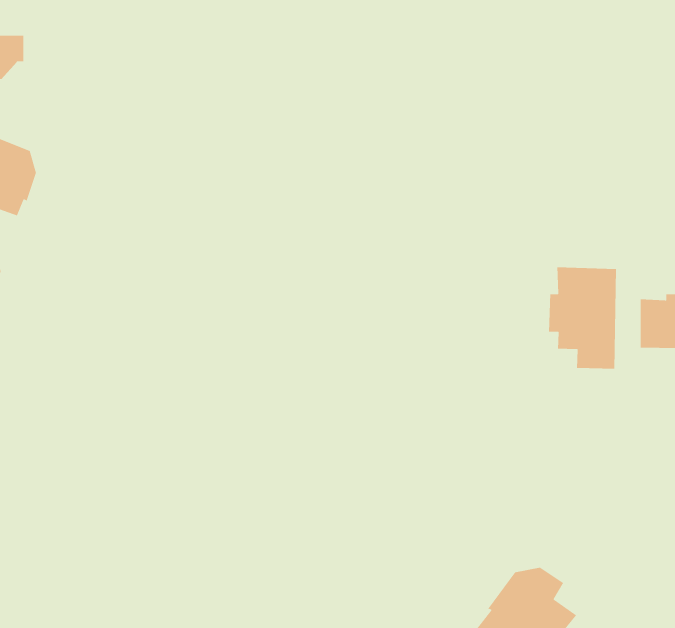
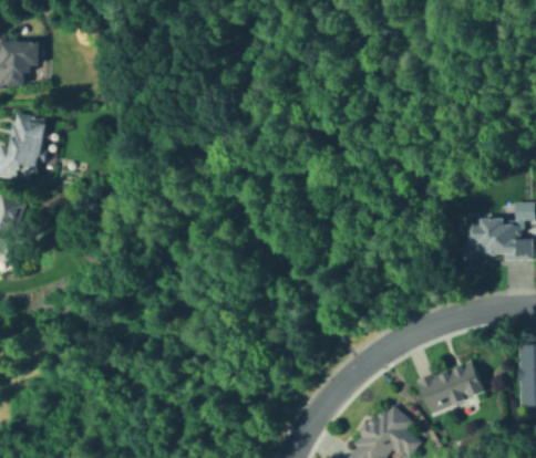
building: [548,267,617,370] -> none
building: none -> [419,358,481,410]

